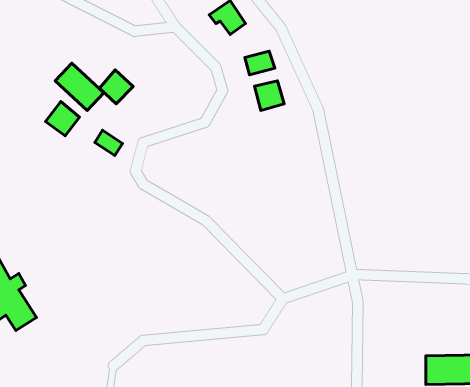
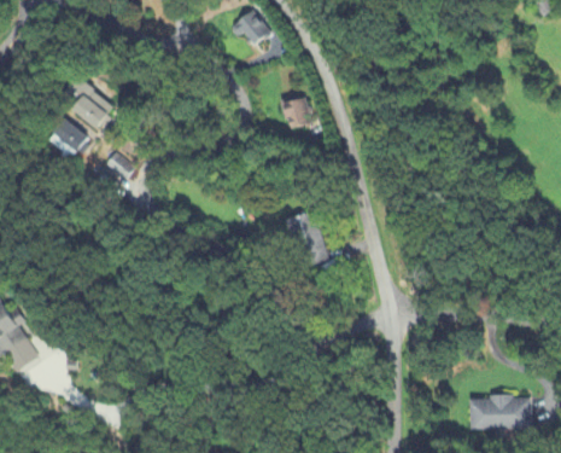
building: [245,51,275,75] -> none
building: [99,70,133,104] -> none
building: none -> [291,211,328,267]

